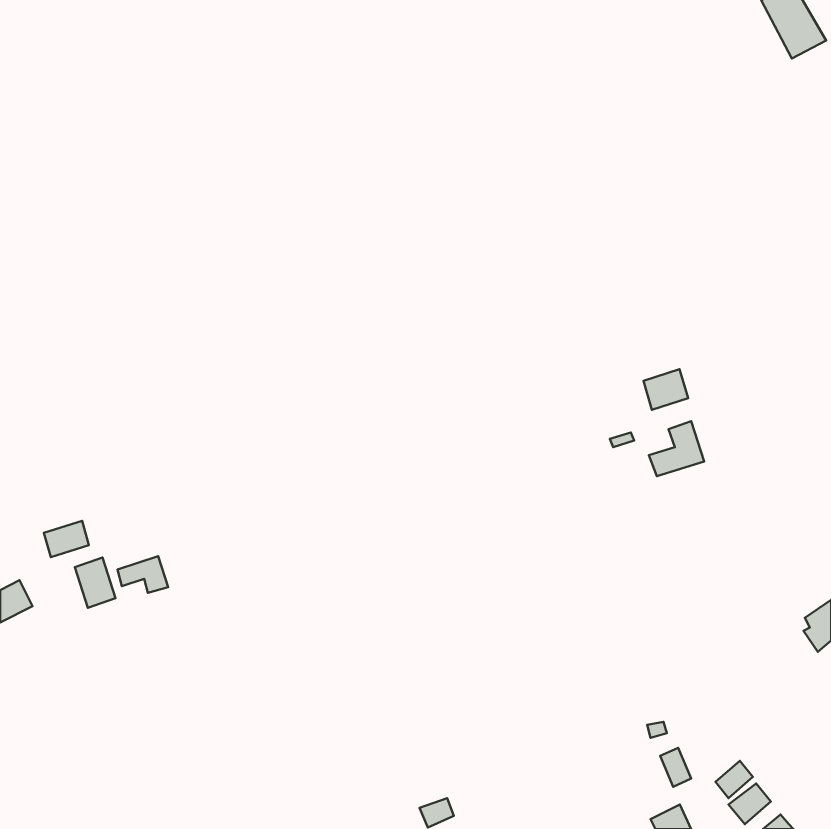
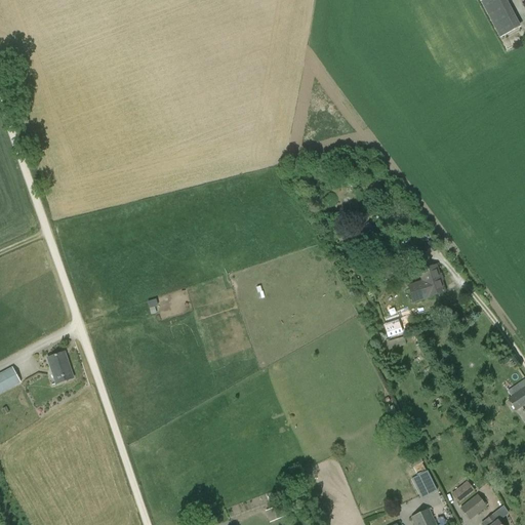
building: [643,369,688,410] -> none
building: [44,521,89,557] -> none
building: [118,556,168,593] -> none

